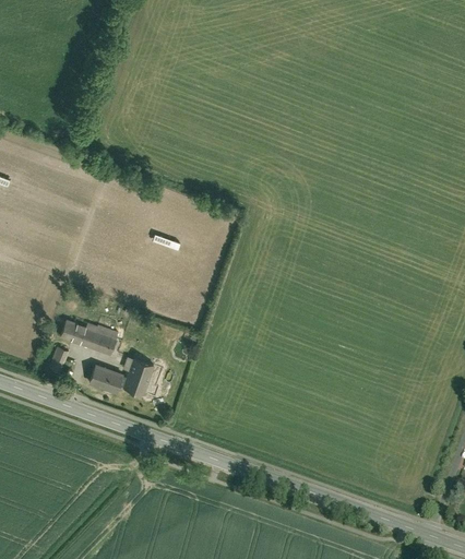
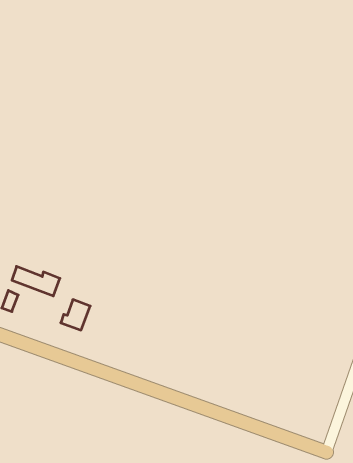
building: [87,365,122,393] -> none

